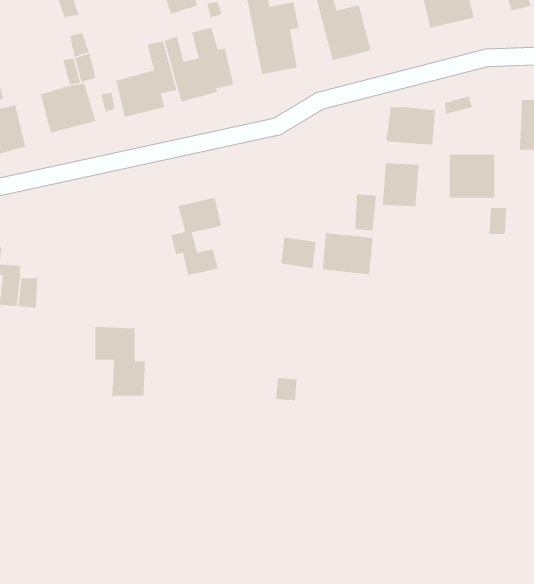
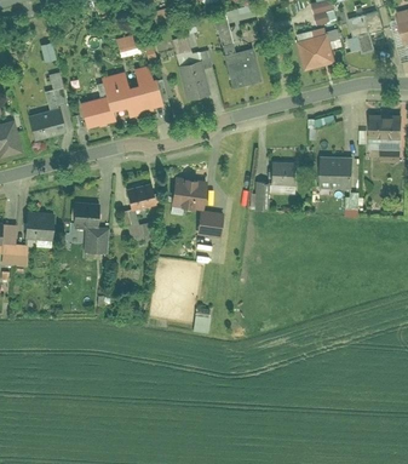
building: [386,106,436,145] -> none
building: none -> [22,207,54,237]
building: [322,232,373,275] -> [173,179,209,210]
building: [94,326,146,397] -> [73,201,109,251]

